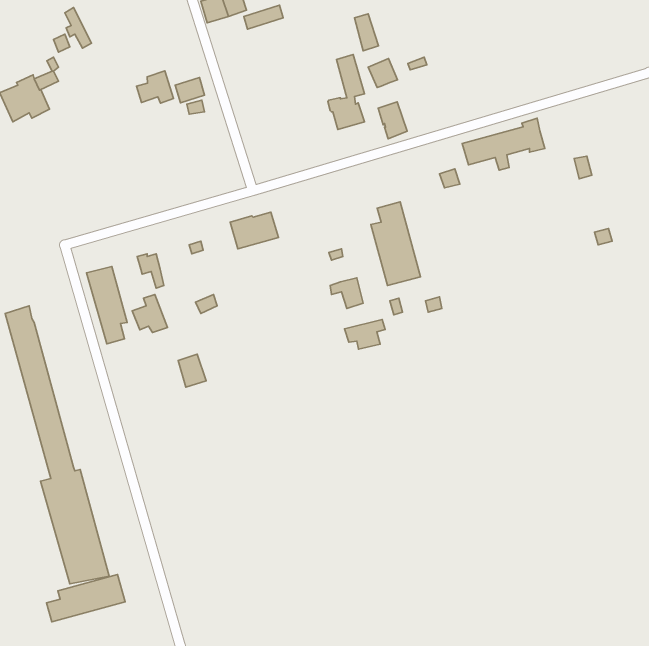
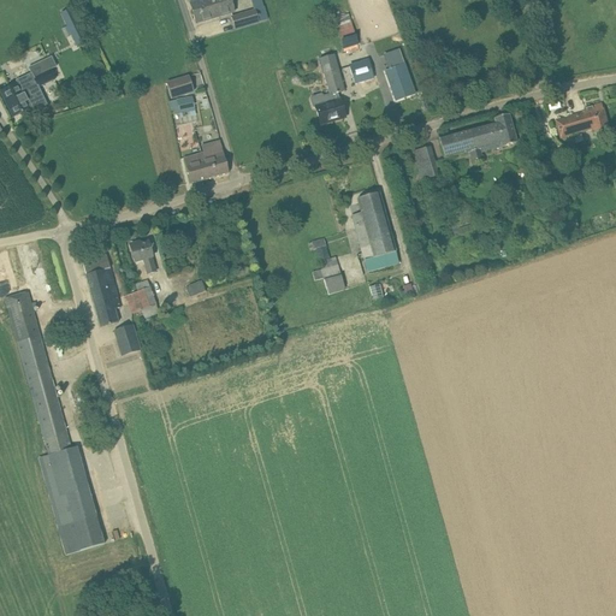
building: [137,71,174,103] -> none
building: [378,102,407,139] -> [386,64,414,99]
building: none -> [557,102,609,136]
building: [230,212,278,249] -> [183,147,229,182]
building: [345,320,385,349] -> none
building: [178,354,206,387] -> [114,324,141,355]
building: [47,574,125,622] -> none

